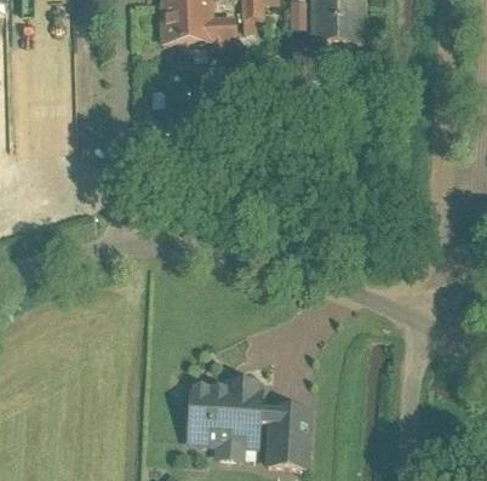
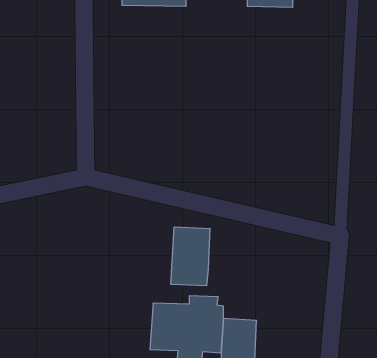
building: none -> [171,227,210,286]

